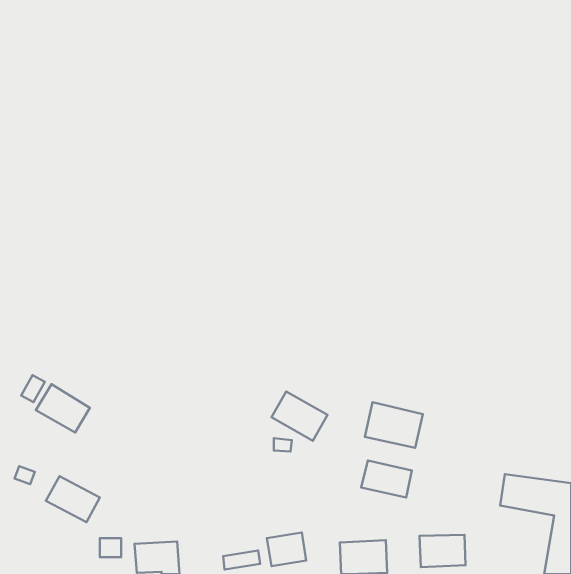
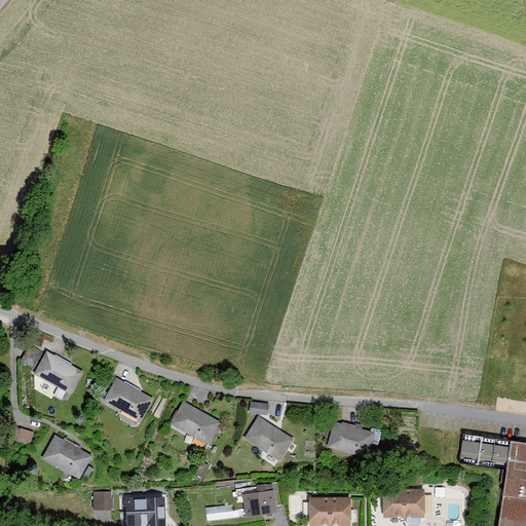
building: [271,391,328,441] -> [245,416,296,461]
building: [365,402,423,448] -> none
building: none -> [104,380,151,421]
building: none -> [172,401,222,445]

